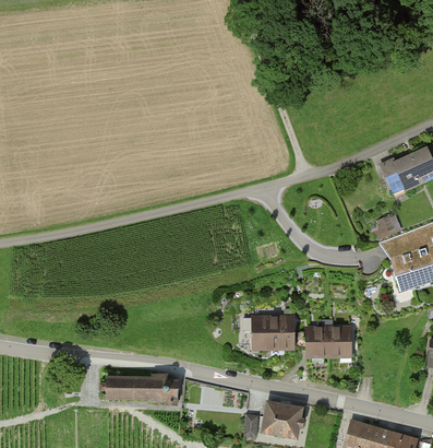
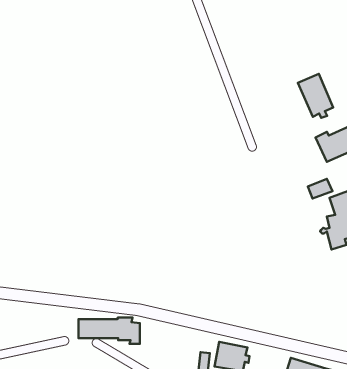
building: none -> [298,74,333,118]
building: [252,318,293,347] -> none
building: [306,328,350,355] -> none

